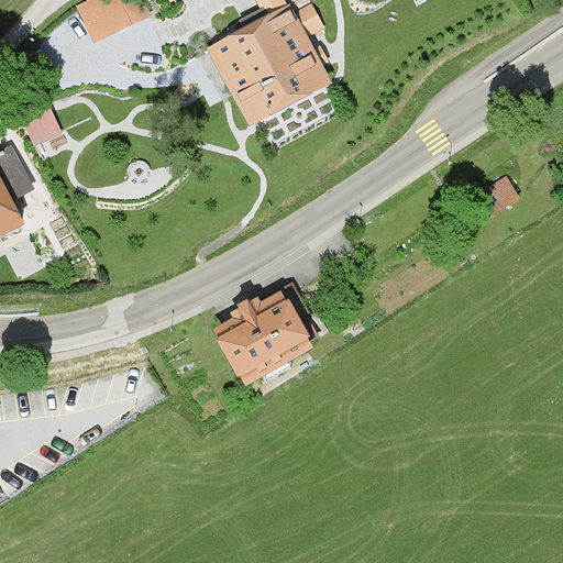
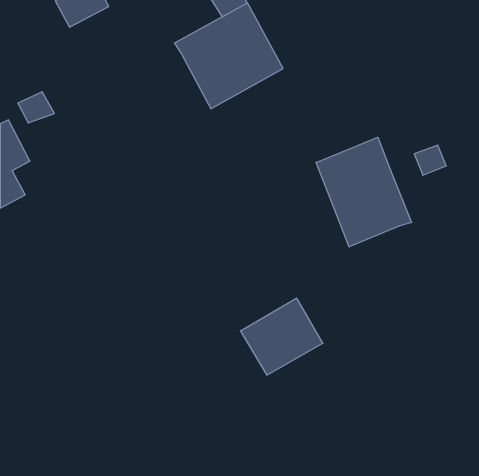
building: none -> [316,137,411,247]
building: [216,291,312,382] -> [240,298,323,375]

